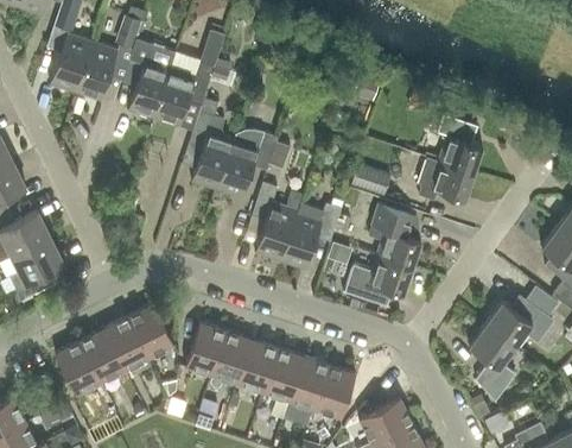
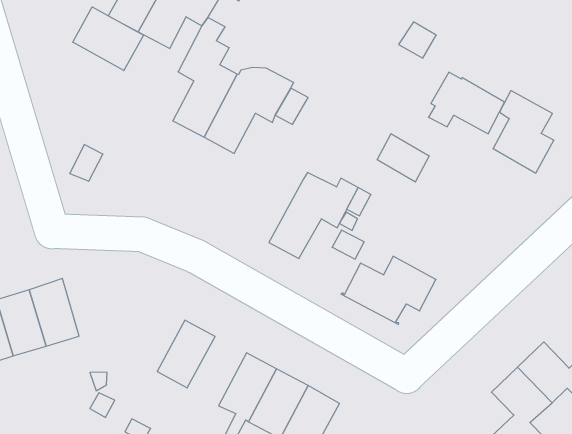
building: none -> [73,7,143,71]
building: [418,158,474,200] -> [428,72,505,134]
building: [252,182,301,261] -> none
building: [368,204,421,267] -> none
building: [128,304,173,358] -> none
building: [185,323,227,374] -> none
building: [237,340,278,392] -> none

